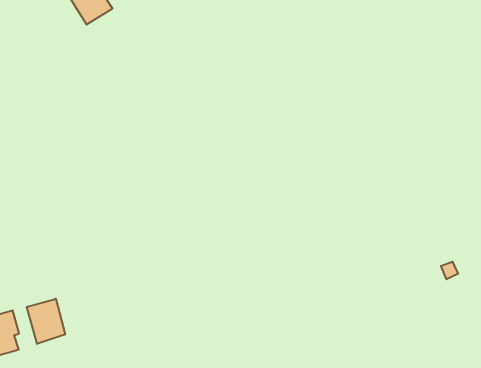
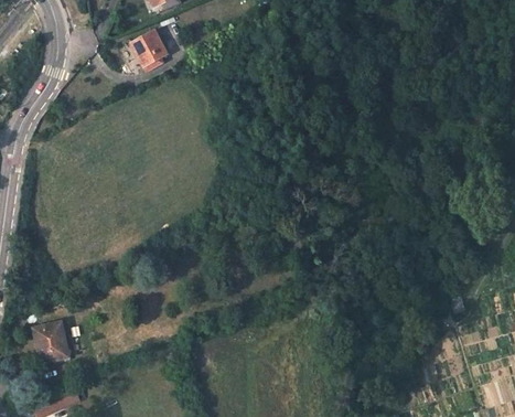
building: [27,299,65,344] -> none

